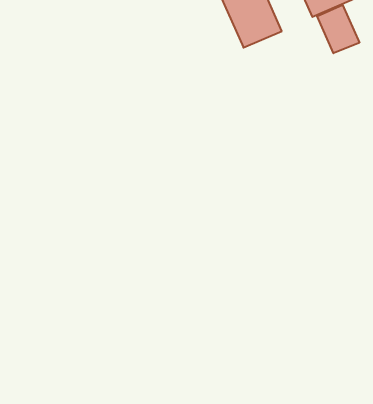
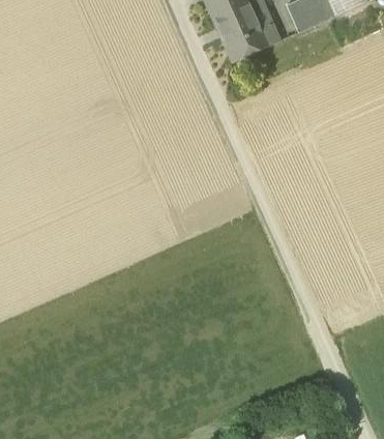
building: [317,5,359,53] -> none

